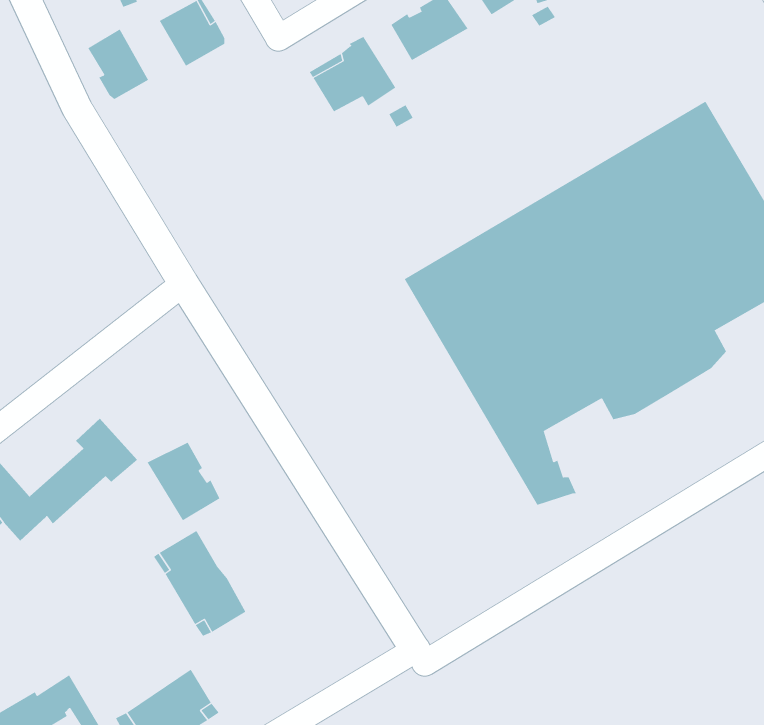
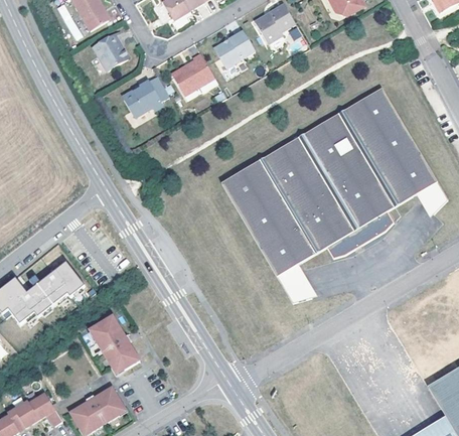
building: [88,29,149,100] -> none
building: none -> [124,76,169,117]
building: [147,442,220,521] -> none

